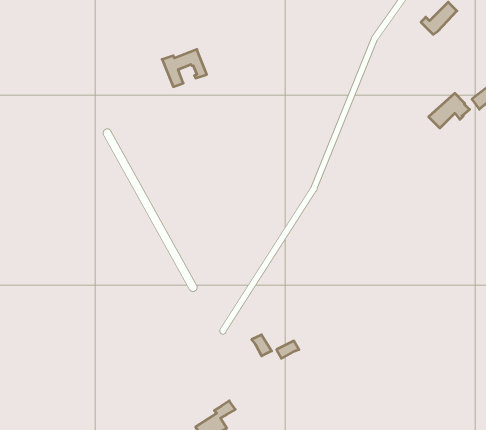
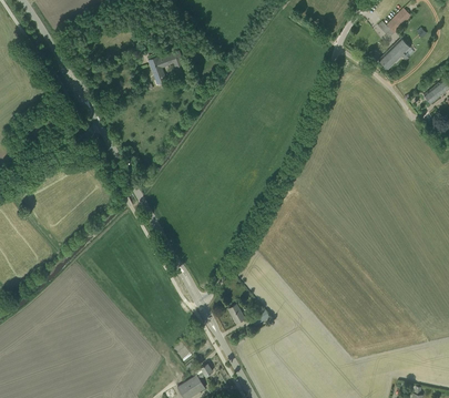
building: [429,93,470,128] -> [377,39,414,70]

